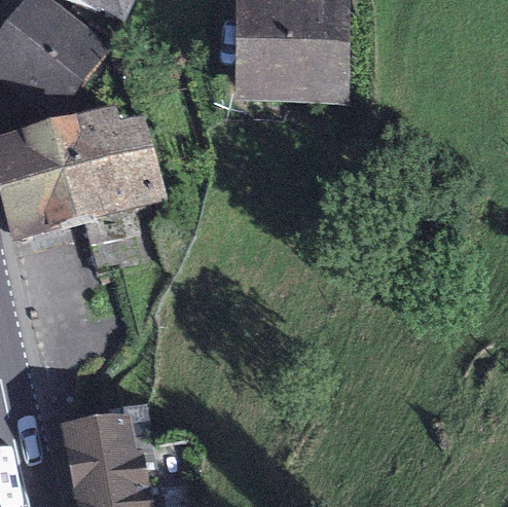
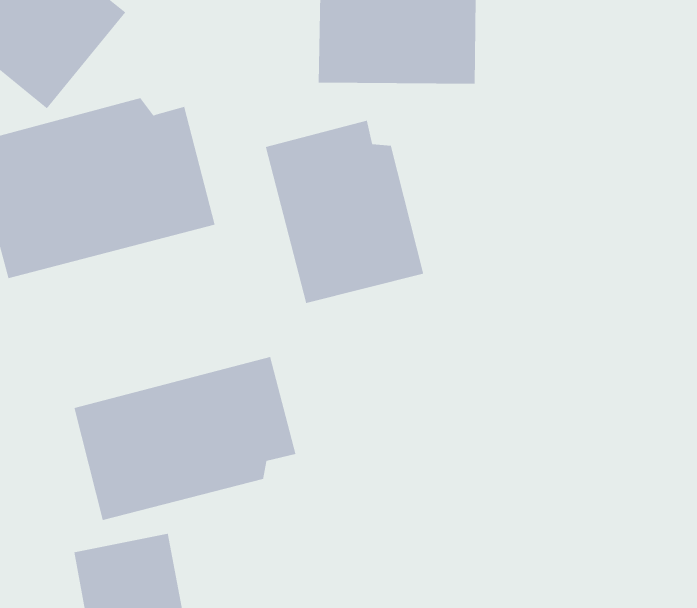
building: none -> [265,120,424,304]
building: none -> [74,356,296,521]

